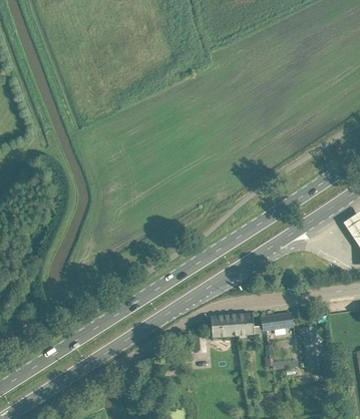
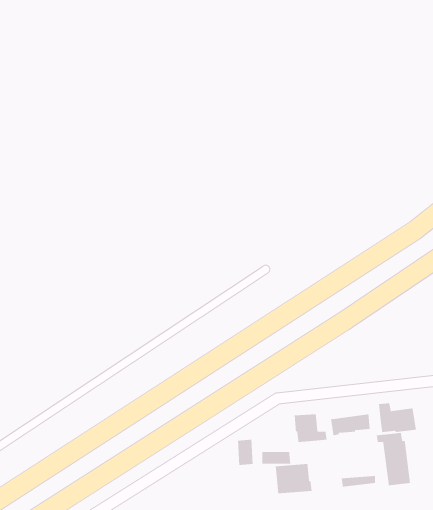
building: none -> [378,403,417,433]
building: [211,314,239,337] -> [275,463,312,494]

